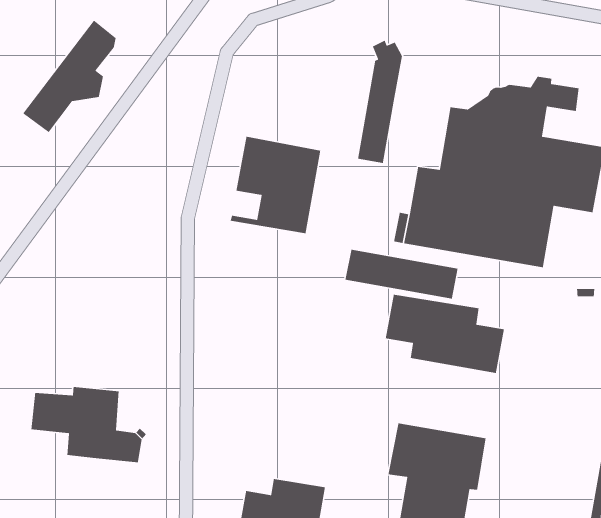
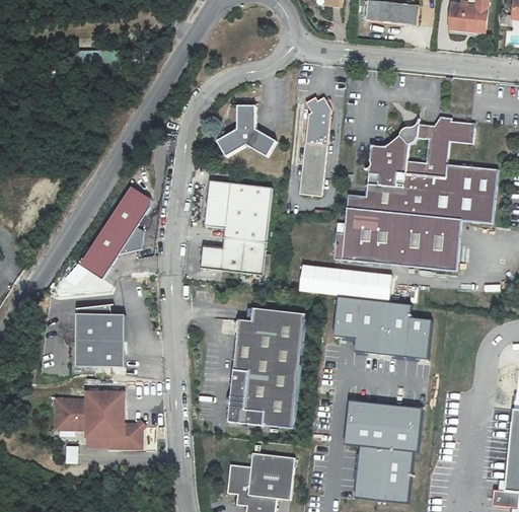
building: [22,20,117,133] -> [80,185,151,278]
building: none -> [217,104,276,156]
building: none -> [201,249,264,273]
building: none -> [76,304,125,367]
building: none -> [228,307,303,427]

